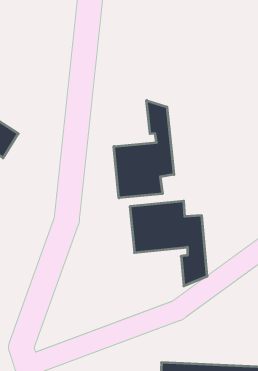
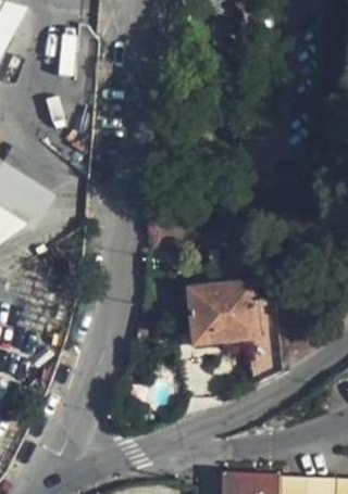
building: [114,100,174,198] -> none

